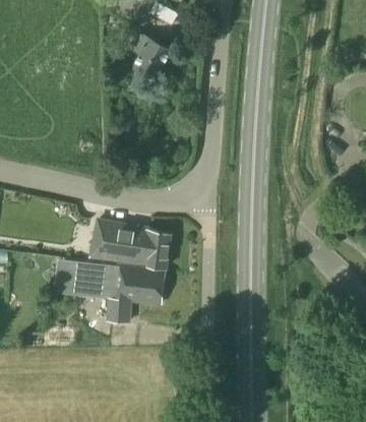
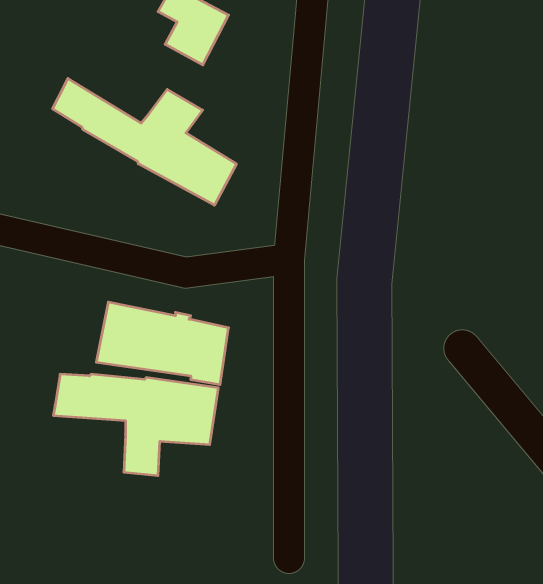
building: none -> [53,78,236,205]

